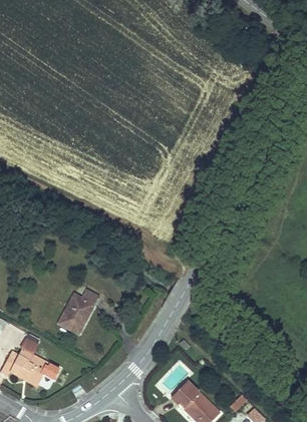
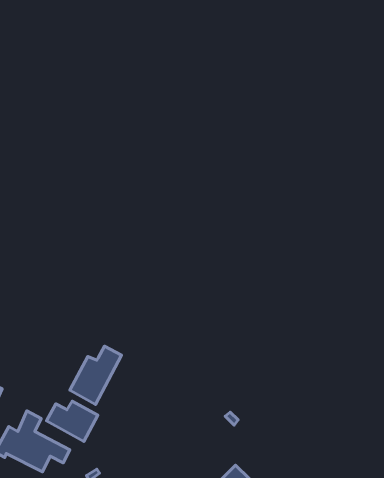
building: none -> [47,401,98,442]

